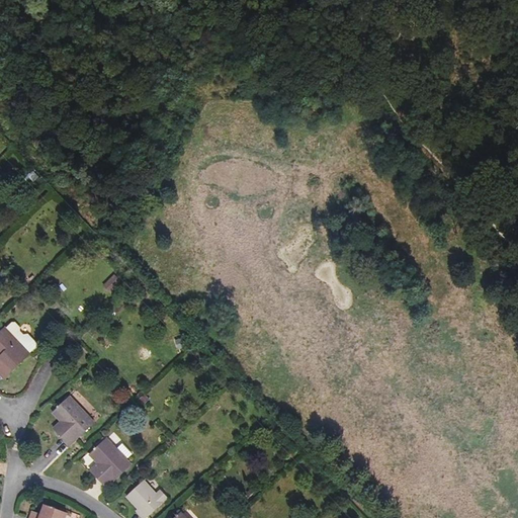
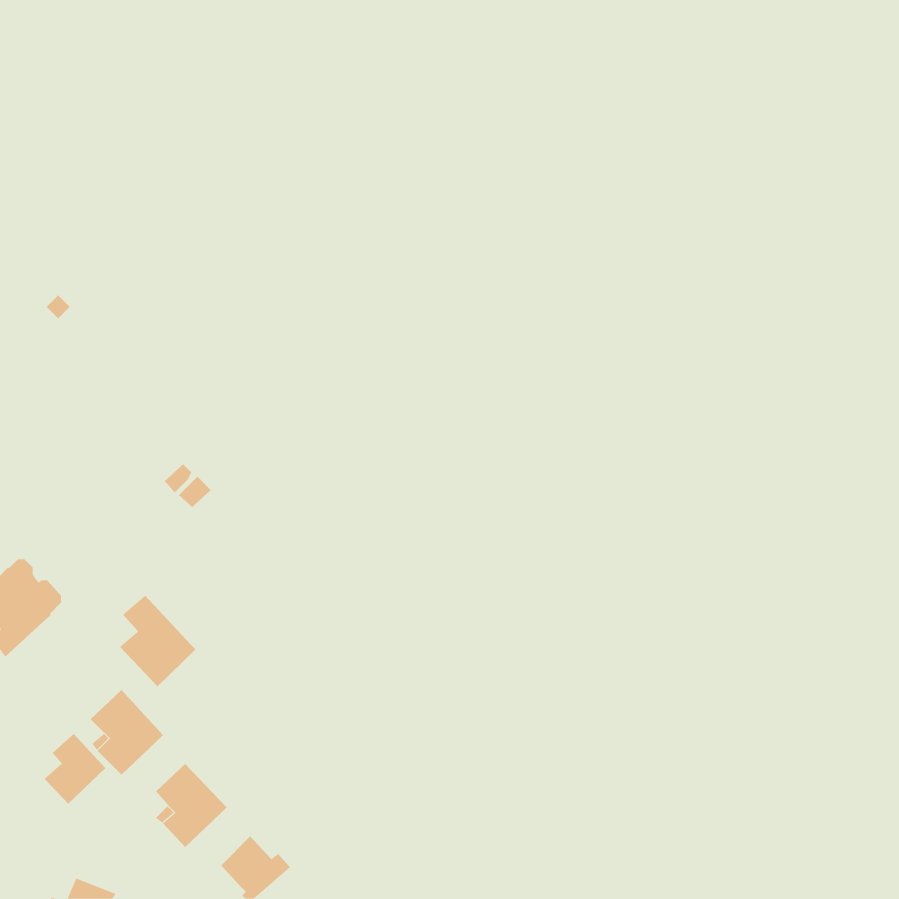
building: none -> [119,595,196,687]
building: none -> [44,733,106,805]

